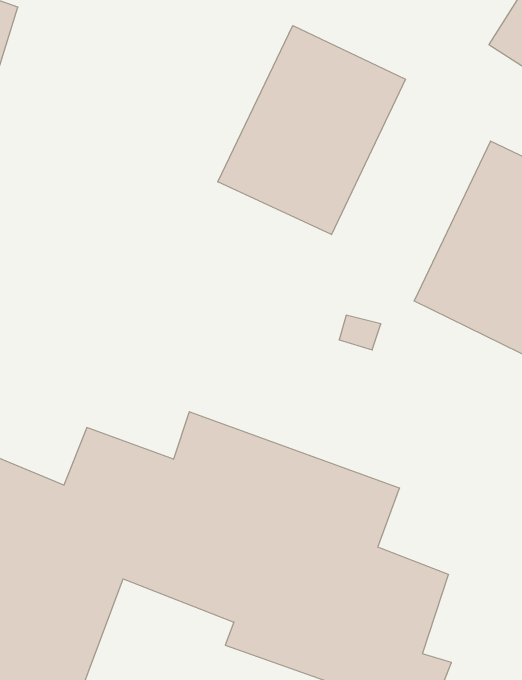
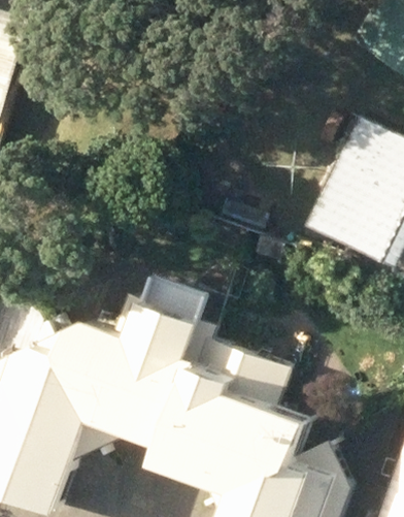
building: [218,26,405,235] -> none

